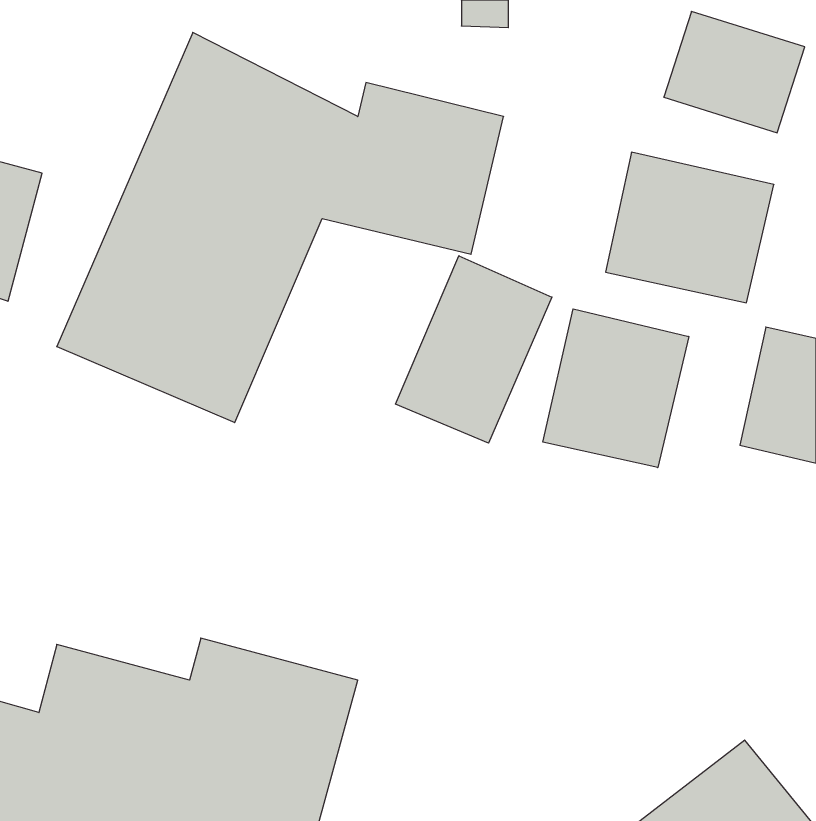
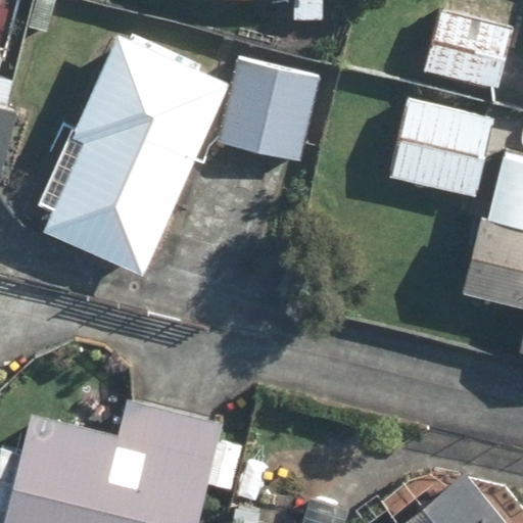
building: [396,256,552,443] -> none
building: [543,309,689,468] -> none

